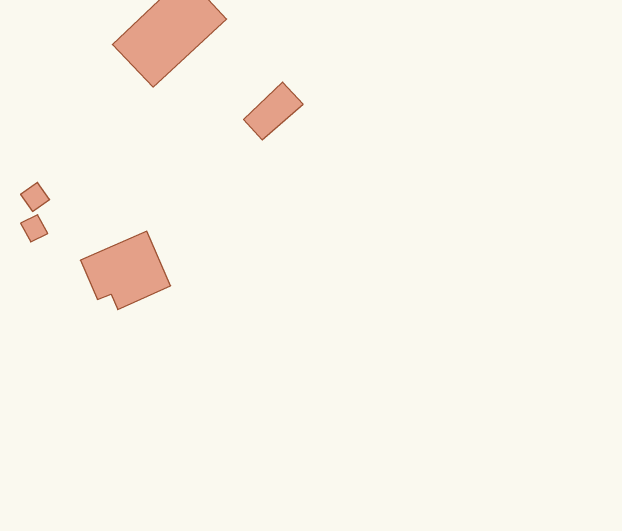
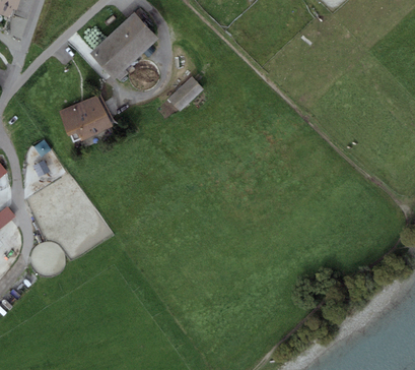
building: [80,231,171,310] -> [58,95,112,141]

